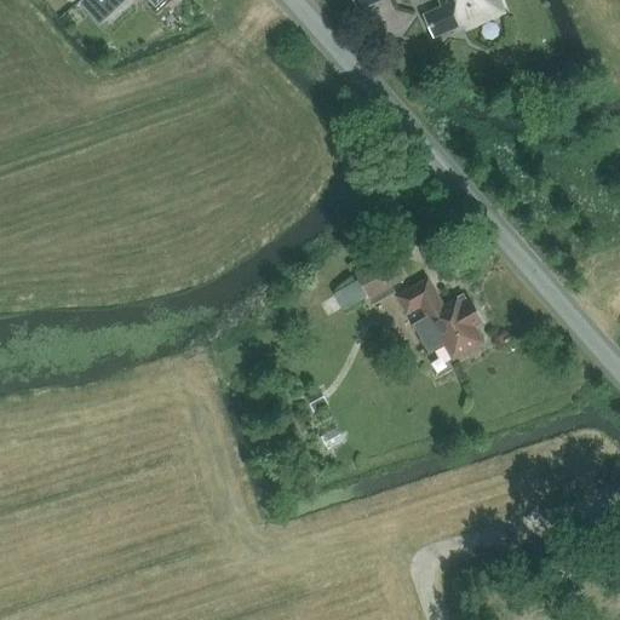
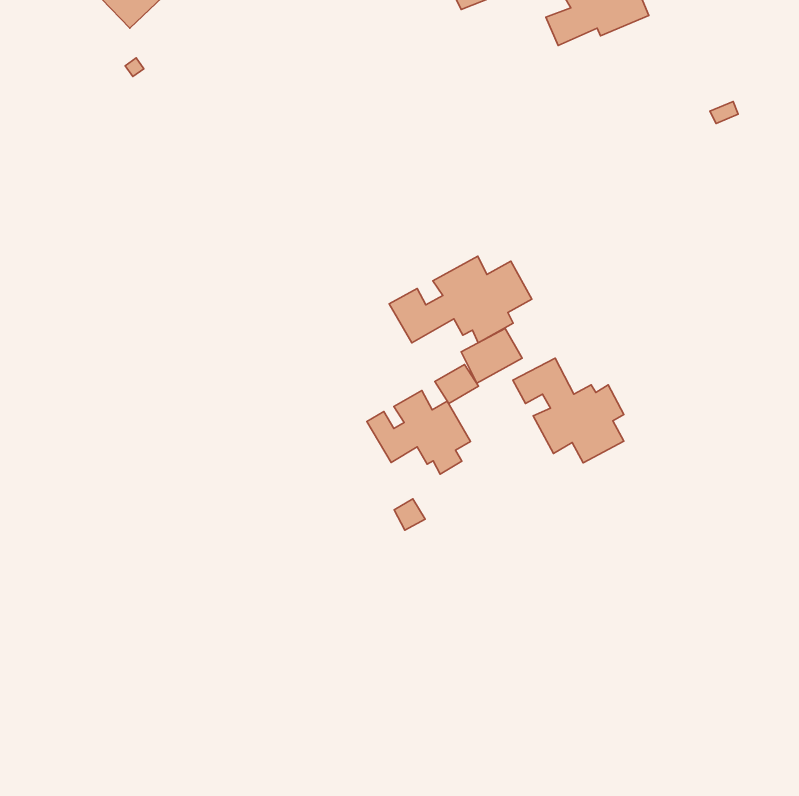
building: none -> [389,256,532,343]
building: none -> [367,391,471,474]

